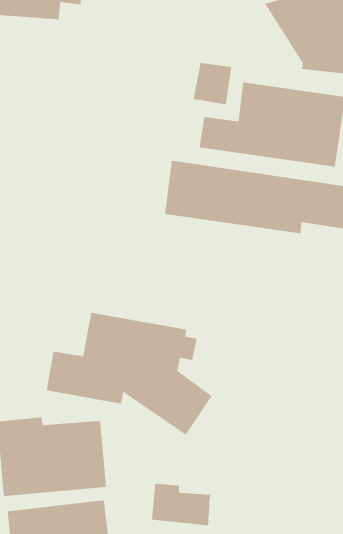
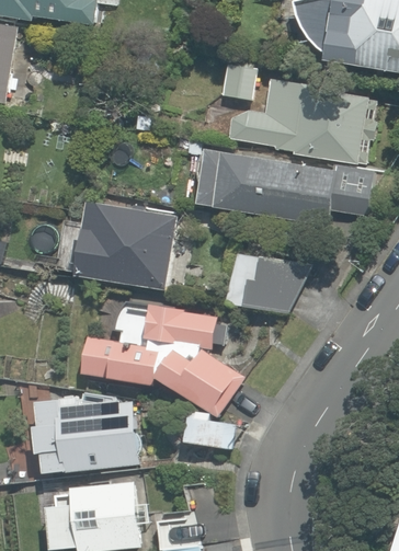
building: none -> [71,200,174,289]
building: none -> [227,254,310,312]
building: [151,483,211,526] -> [181,410,238,450]

